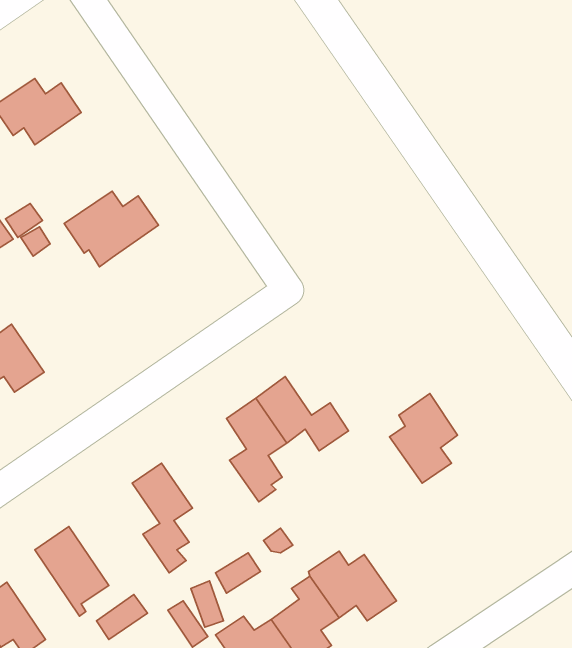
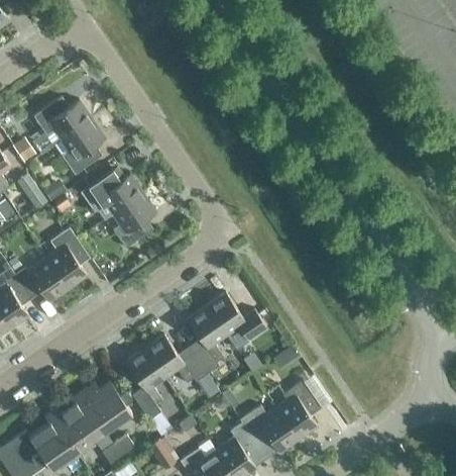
building: none -> [62,119,105,175]
building: none -> [112,193,156,249]
building: none -> [46,228,90,289]
building: [390,394,458,483] -> [276,380,321,439]
building: none -> [144,335,208,383]
building: none -> [84,381,131,429]
building: none -> [43,405,91,464]

